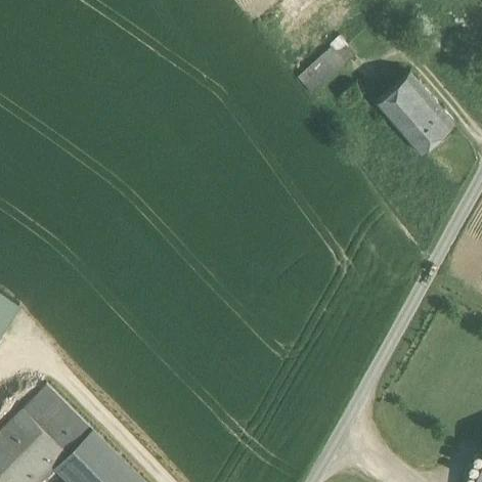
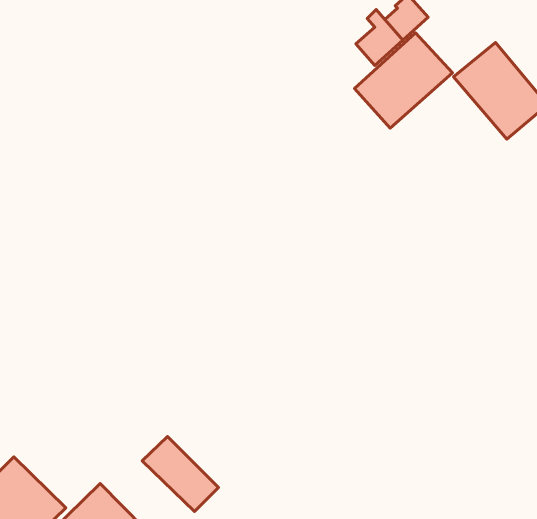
building: none -> [354,33,453,128]
building: [23,390,84,450] -> [142,437,218,512]

